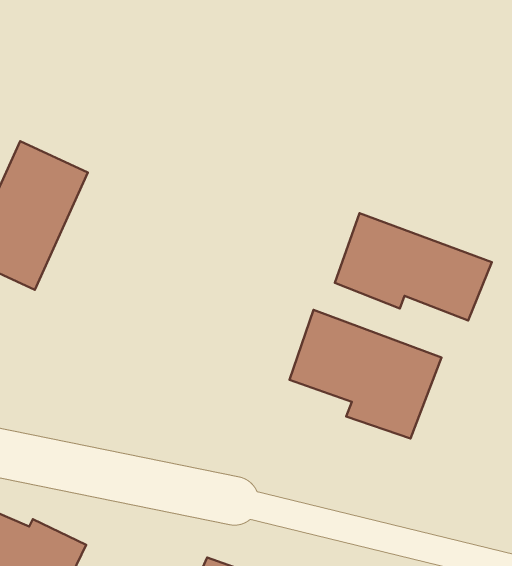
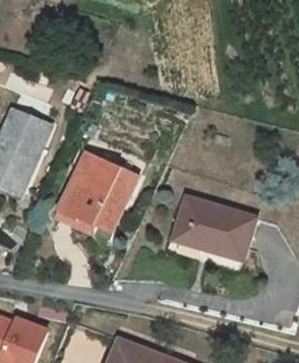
building: none -> [56,144,140,228]
building: [335,213,492,321] -> none

